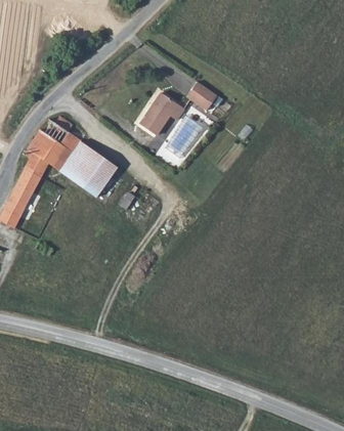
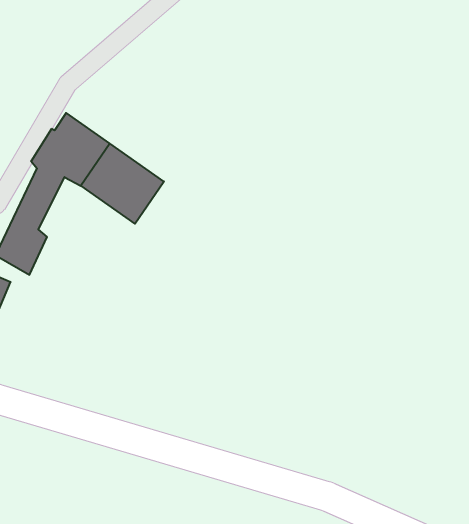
building: [187,82,217,111] -> none
building: [138,92,181,134] -> none

